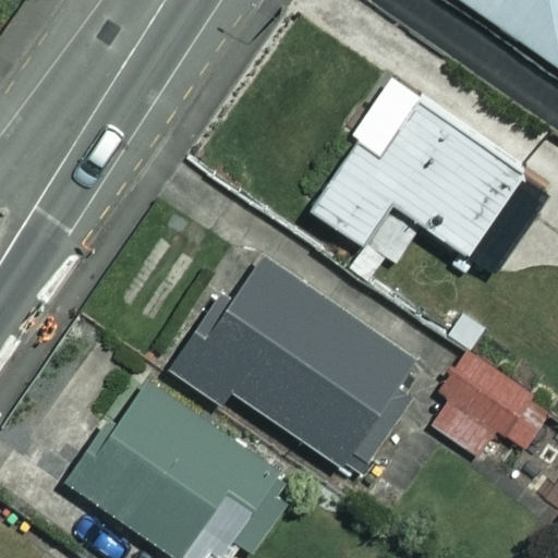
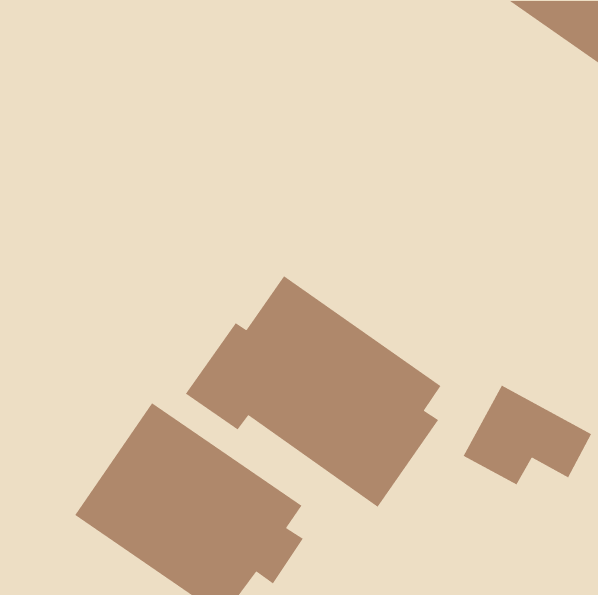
building: [306,81,553,287] -> none

